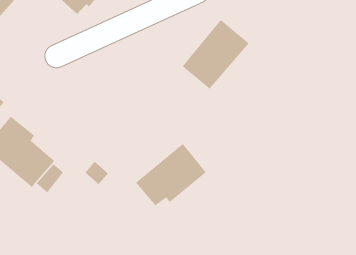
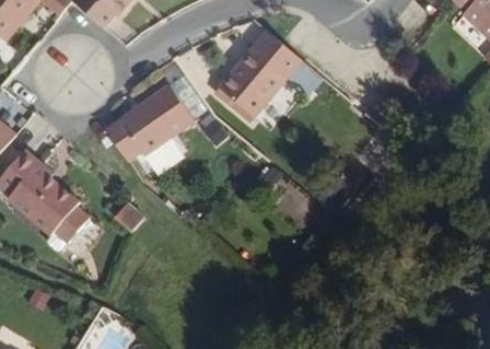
building: [135,143,206,206] -> [121,85,208,162]

